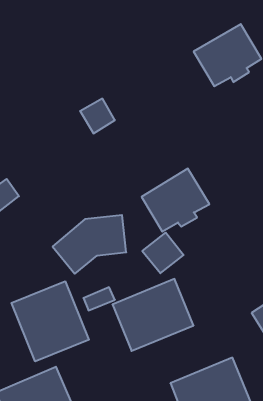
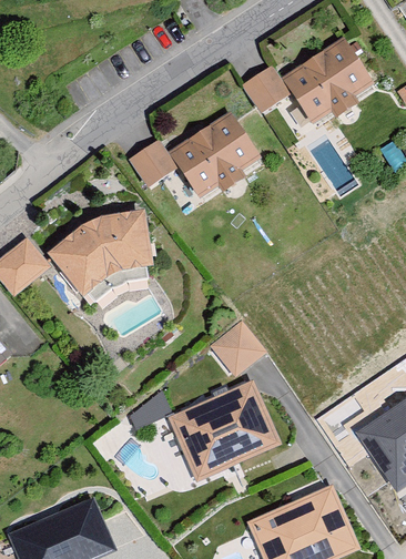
building: none -> [240,67,286,113]
building: [142,169,209,232] -> [166,112,257,196]
building: [53,215,126,274] -> [50,213,149,292]
building: [11,281,89,361] -> none

